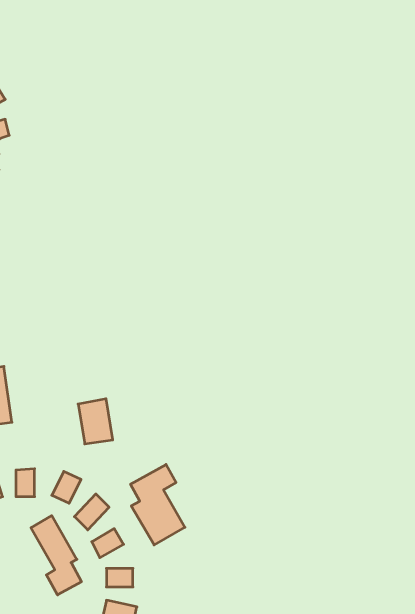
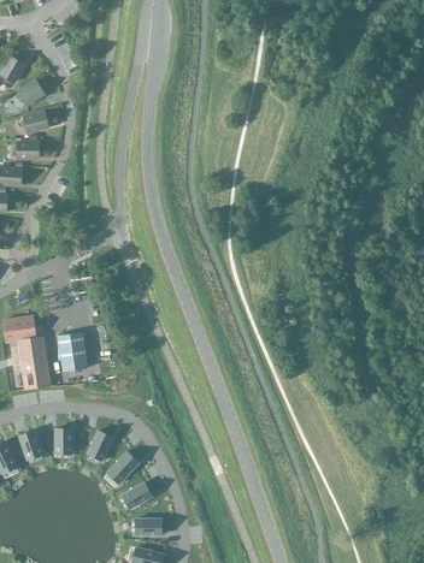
building: [78,399,113,444] -> [57,330,88,371]
building: [131,464,185,545] -> none
building: [31,516,81,595] -> none

